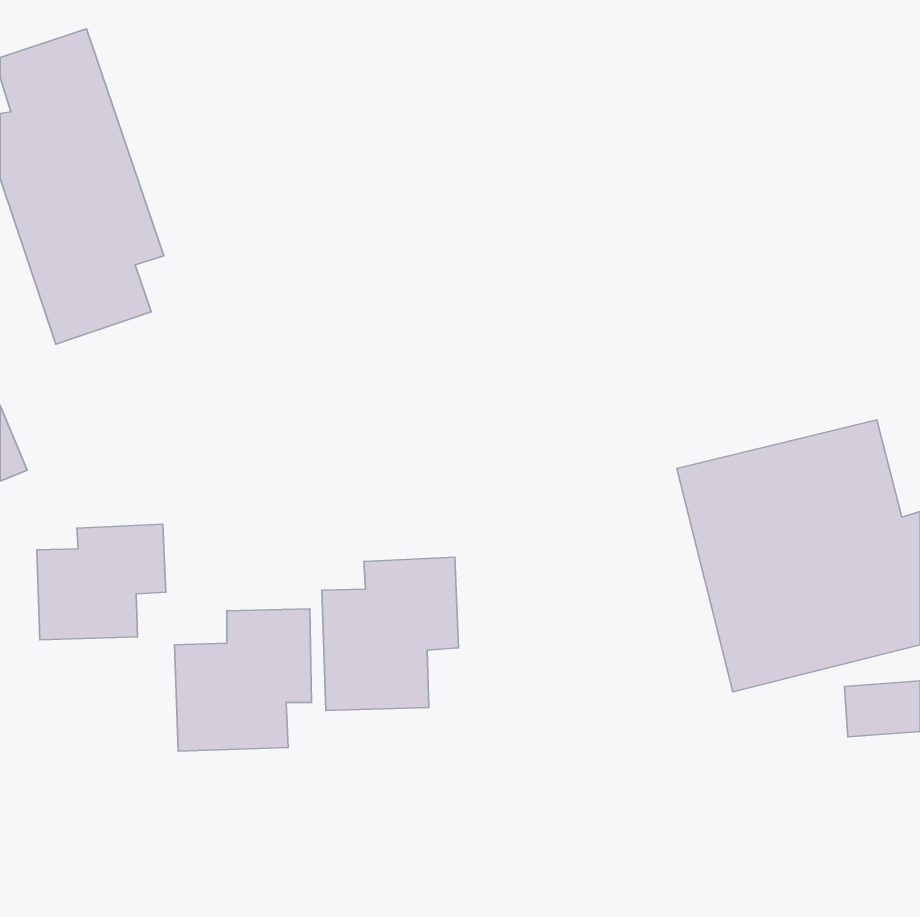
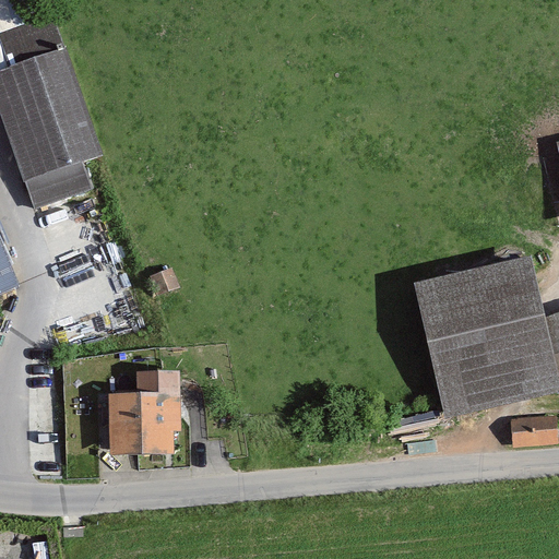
building: [37,524,166,640] -> none
building: [322,557,459,711] -> none

